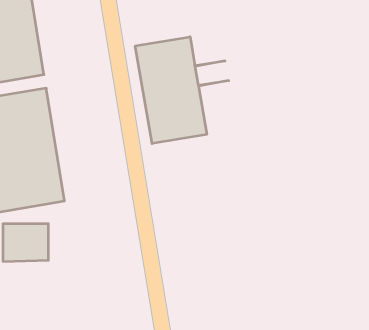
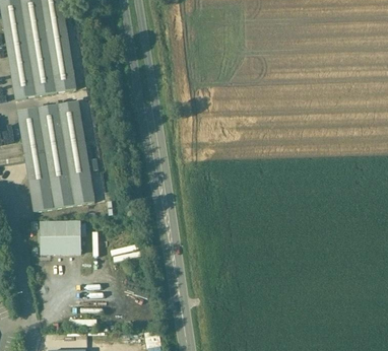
building: [135,37,229,144] -> none

